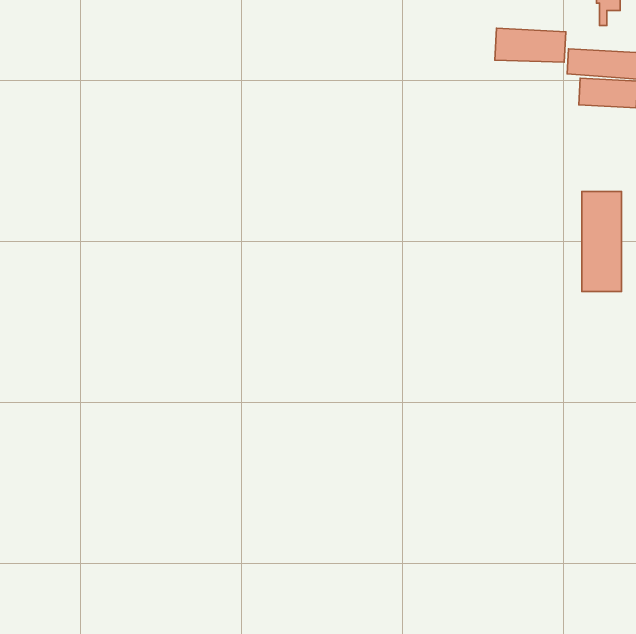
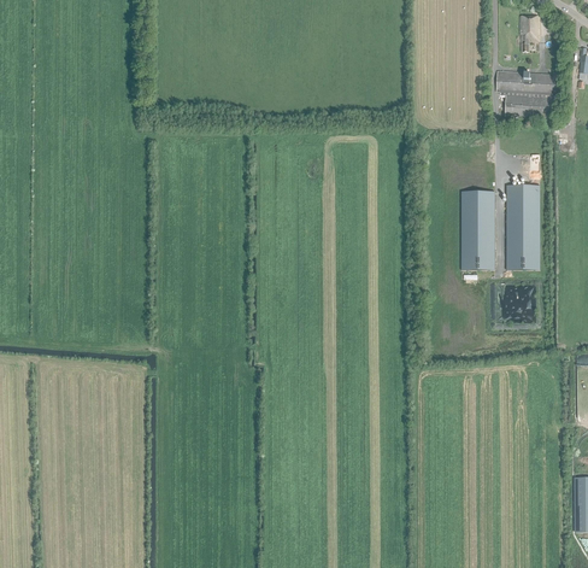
building: [495,28,566,62] -> none
building: none -> [460,192,493,268]

